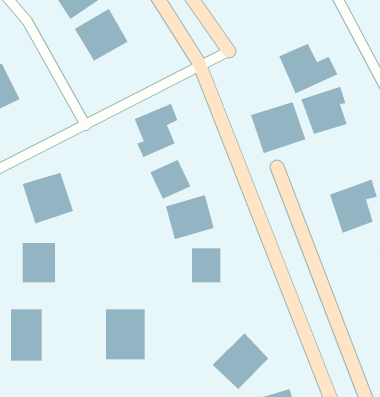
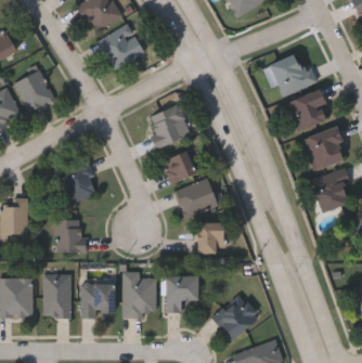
building: [250,102,306,154] -> [300,127,347,170]
building: none -> [166,277,198,313]
building: none -> [82,285,115,317]

